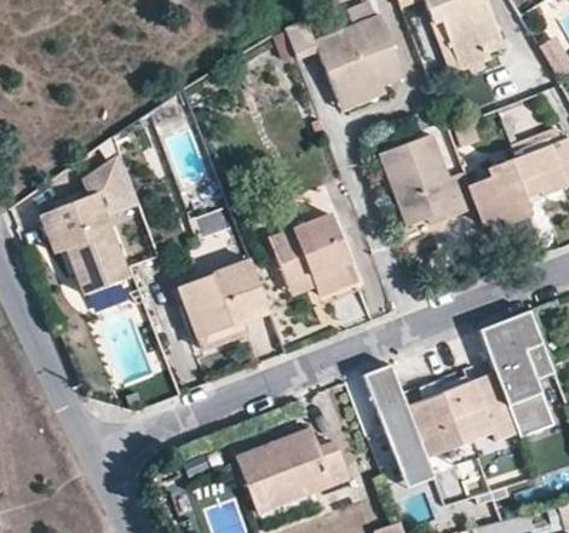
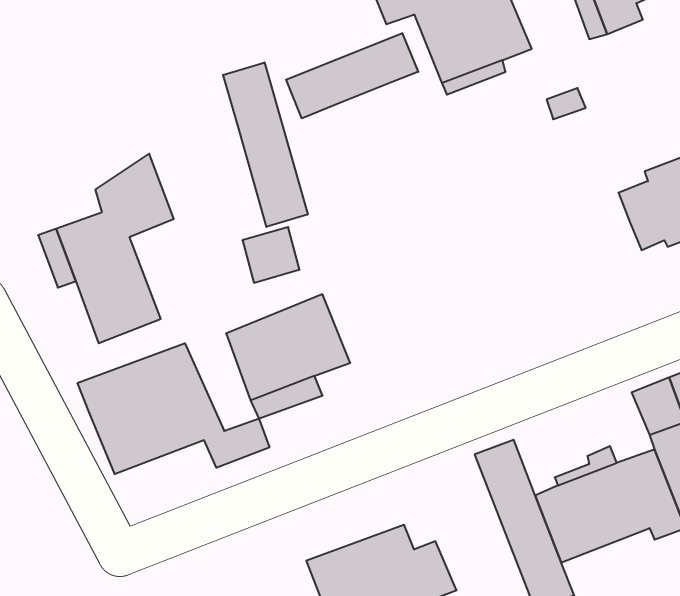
building: none -> [286,33,418,118]
building: none -> [223,62,308,227]
building: [381,134,478,227] -> none
building: [271,213,360,294] -> none
building: none -> [78,343,269,474]

